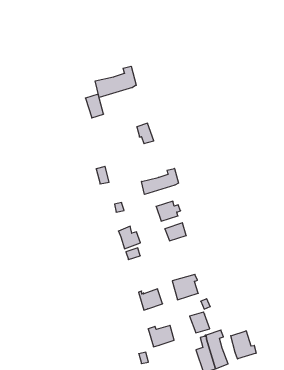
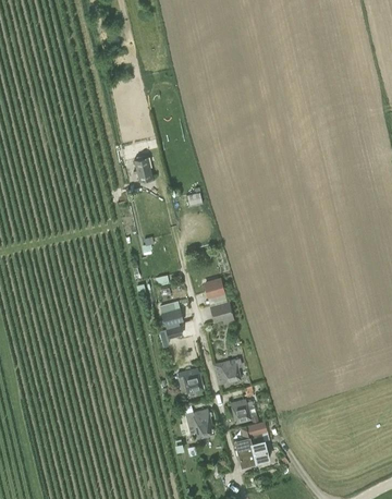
building: [95,66,136,98] -> none
building: [142,168,178,194] -> none
building: [231,331,256,359] -> none

